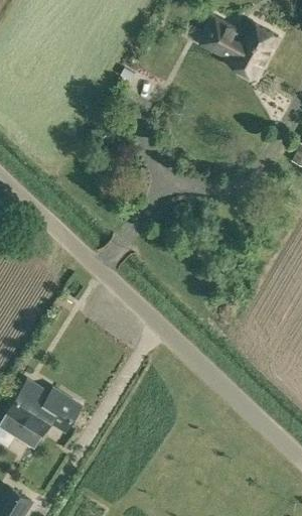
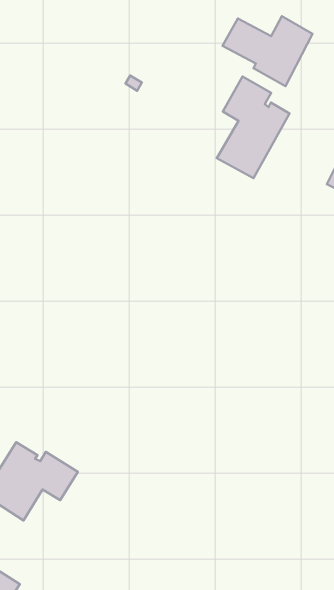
building: none -> [217,77,290,178]

